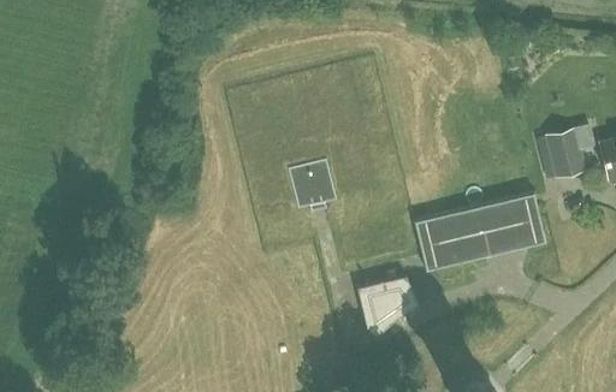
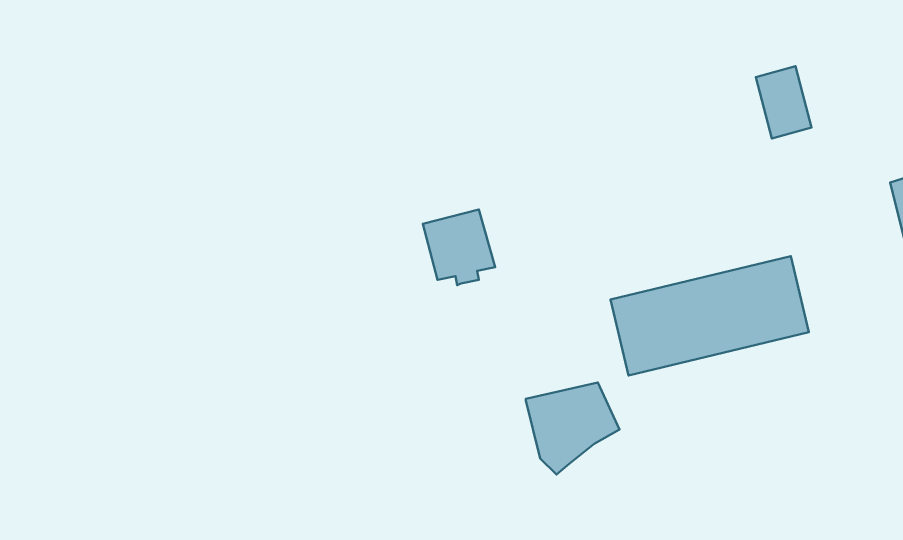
building: [547,129,585,177] -> [756,66,812,138]

